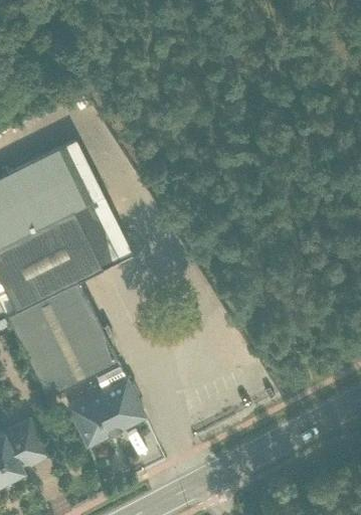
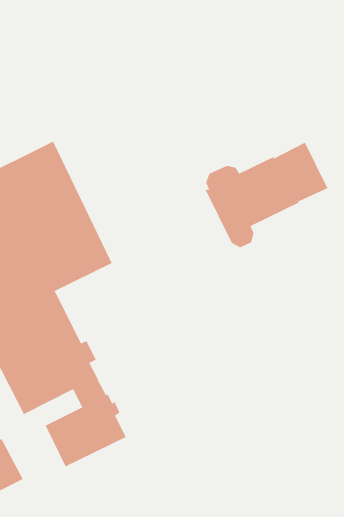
building: none -> [205,142,328,248]

